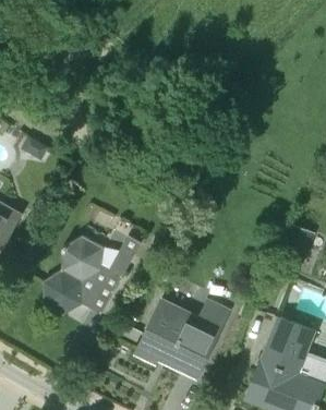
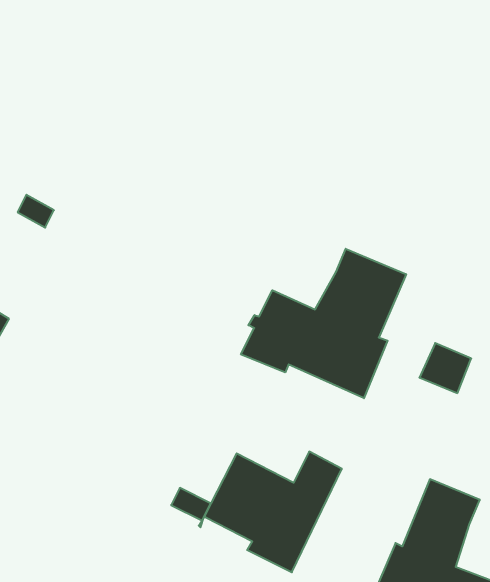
building: none -> [241,249,406,398]
building: [44,233,143,315] -> none

